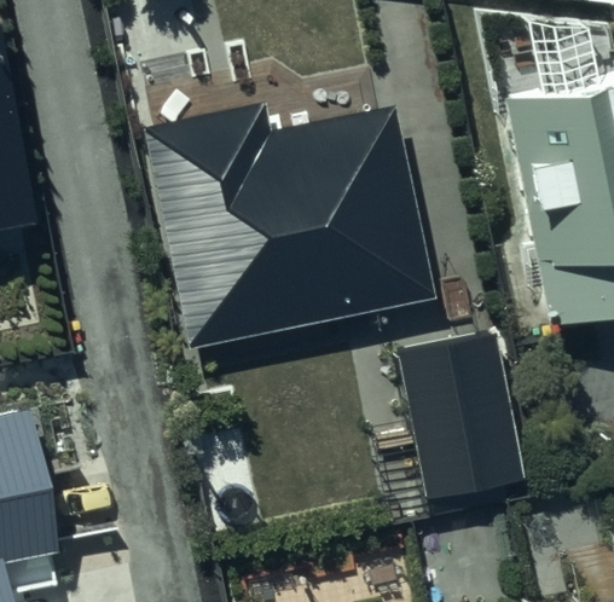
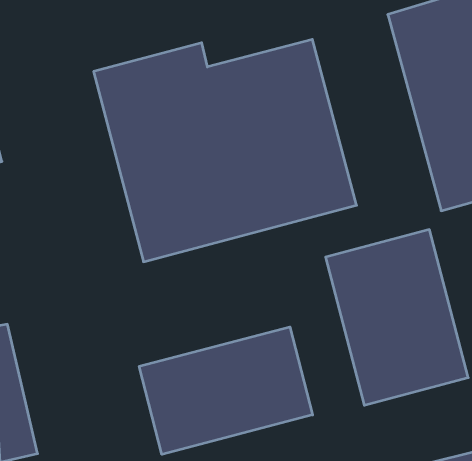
building: none -> [139,327,313,454]

